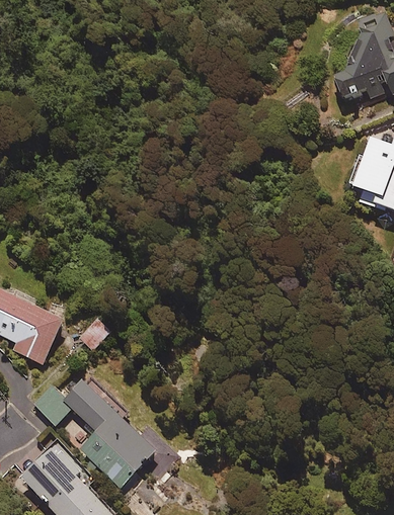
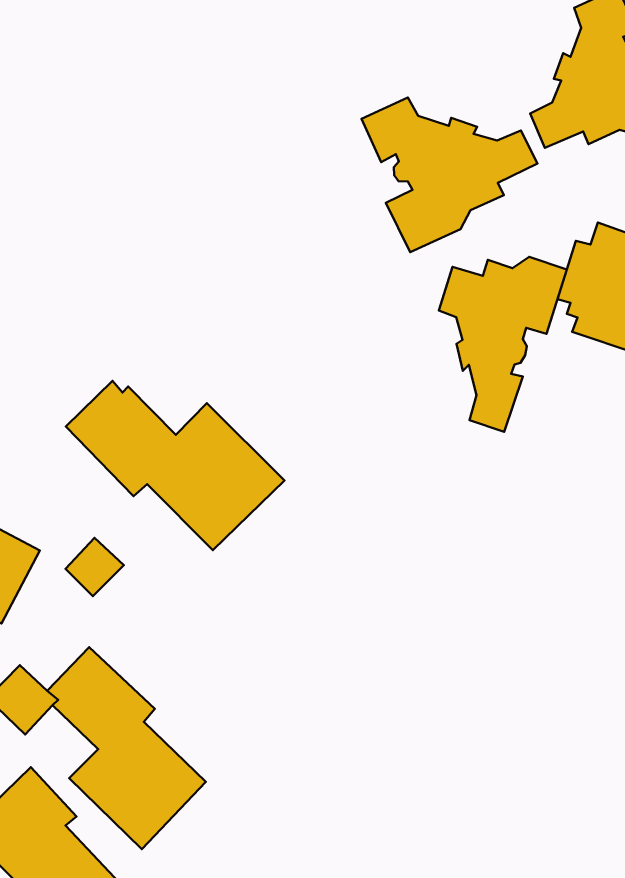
building: none -> [361,98,538,252]
building: none -> [439,257,567,432]
building: none -> [66,381,284,550]

